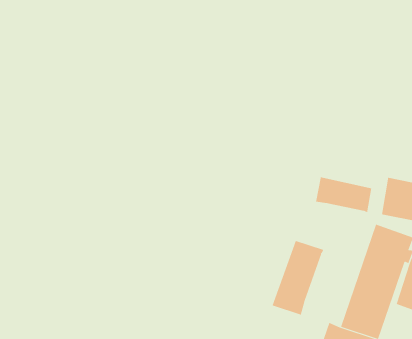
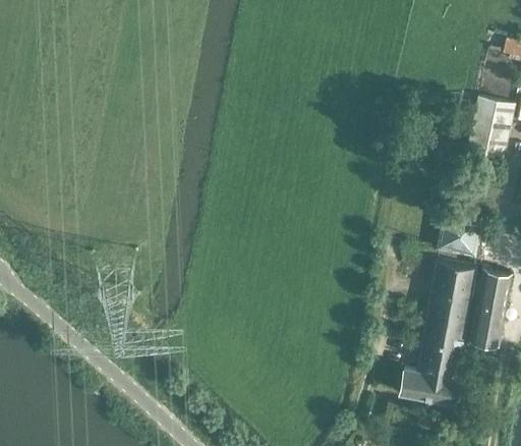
building: [315,176,372,213] -> none
building: [272,240,324,315] -> none

